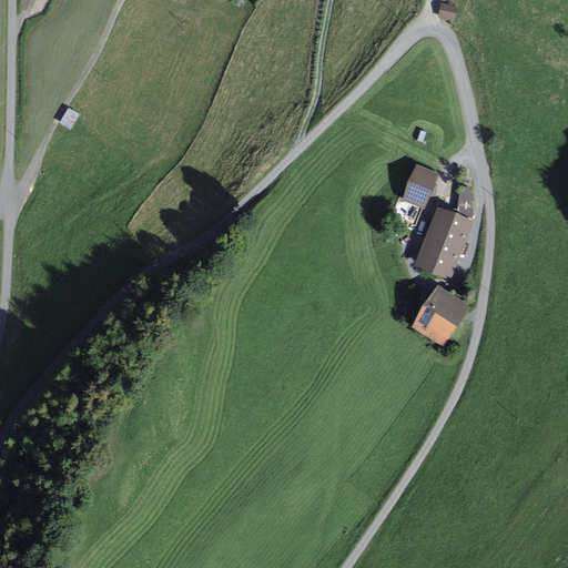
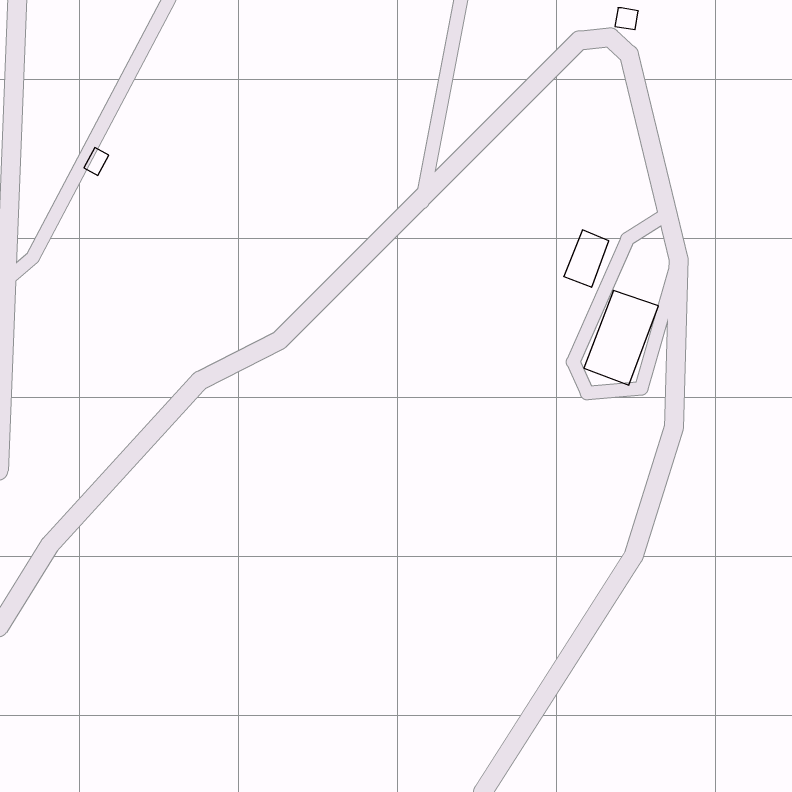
building: [414,287,466,343] -> none

